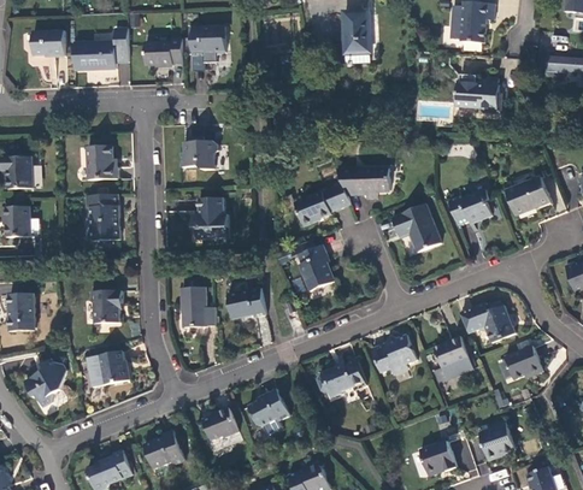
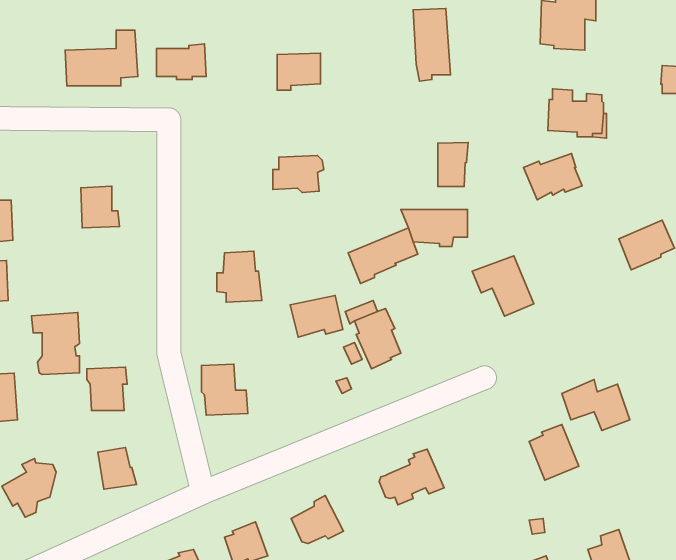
building: [192,28,225,57] -> [277,53,320,90]
building: [33,30,65,57] -> none
building: none -> [438,142,468,187]
building: [178,143,218,172] -> [273,156,324,193]
building: [437,191,483,228] -> [523,154,582,200]
building: [82,194,119,242] -> [31,313,79,375]
building: [226,285,267,318] -> [290,295,343,337]
building: [372,335,418,373] -> none
building: [505,346,541,377] -> none

